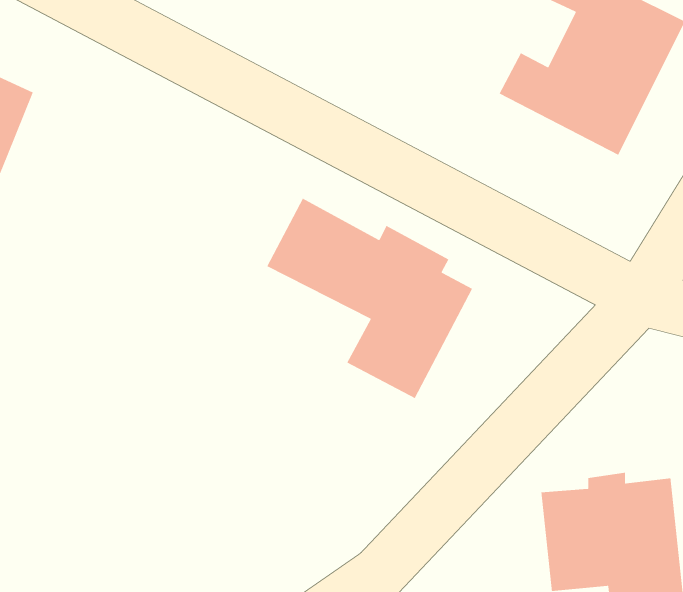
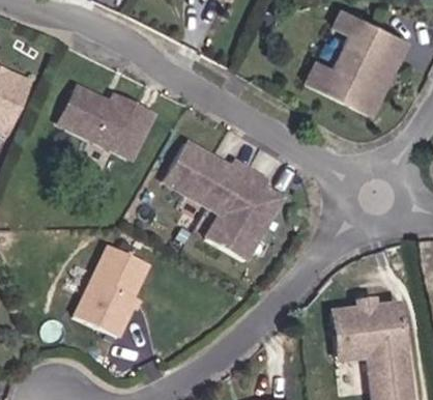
building: none -> [57,85,154,163]
building: none -> [71,246,149,338]

